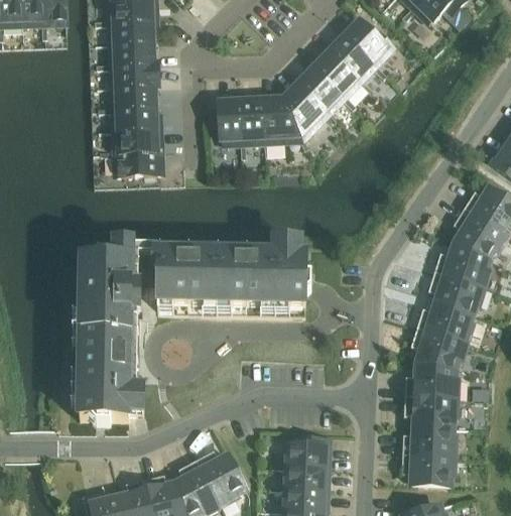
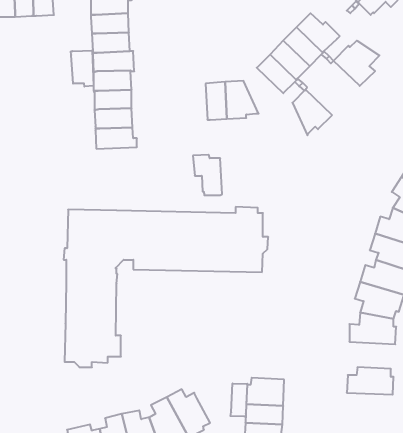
building: none -> [334,41,379,86]
building: none -> [71,50,94,87]
building: [284,82,330,134] -> [292,90,332,135]
building: [210,96,243,142] -> [193,155,222,195]
building: [404,395,458,426] -> none
building: none -> [230,383,247,417]
building: [401,454,455,486] -> none

